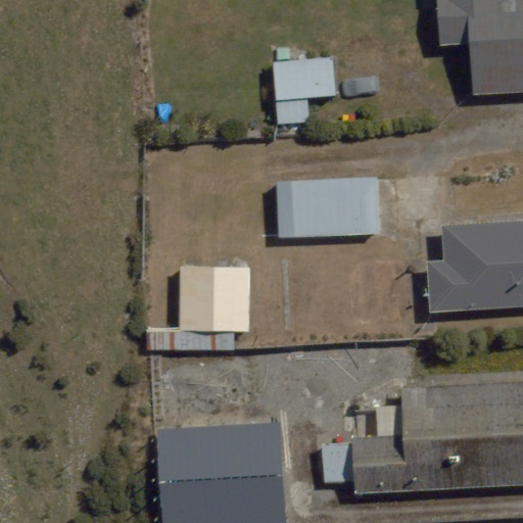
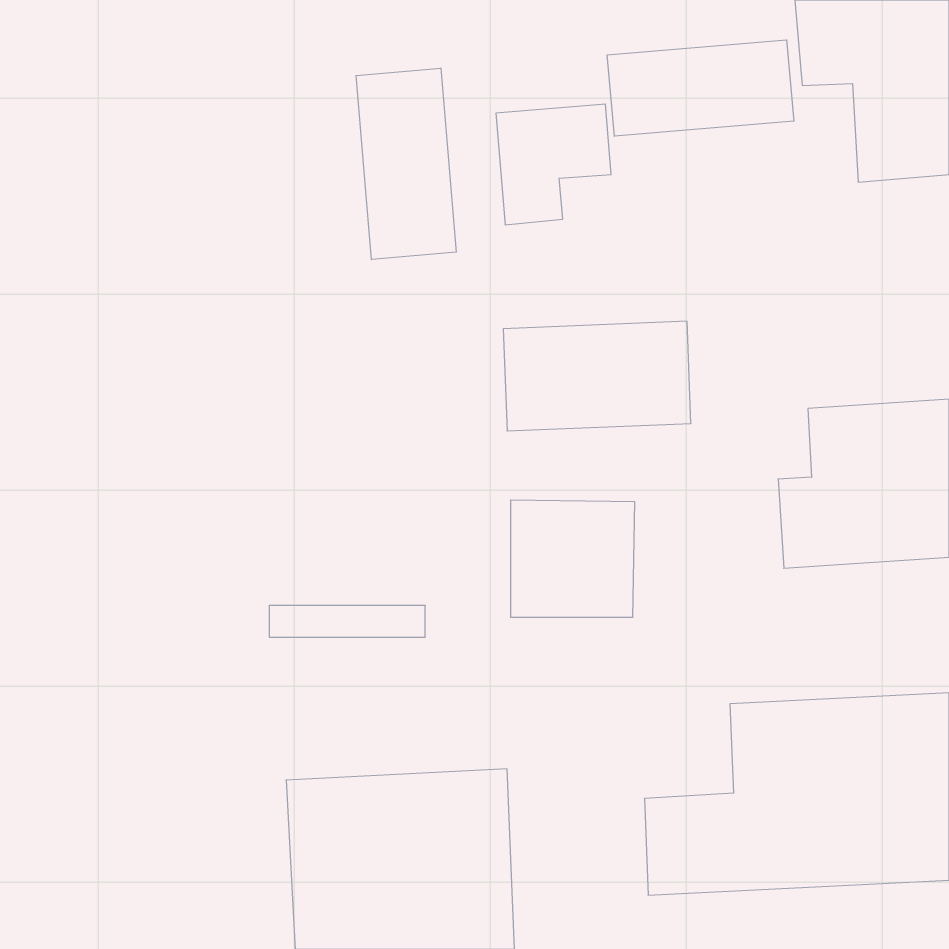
building: none -> [607,40,794,136]
building: none -> [356,68,456,260]
building: [181,267,249,331] -> [510,500,635,617]

